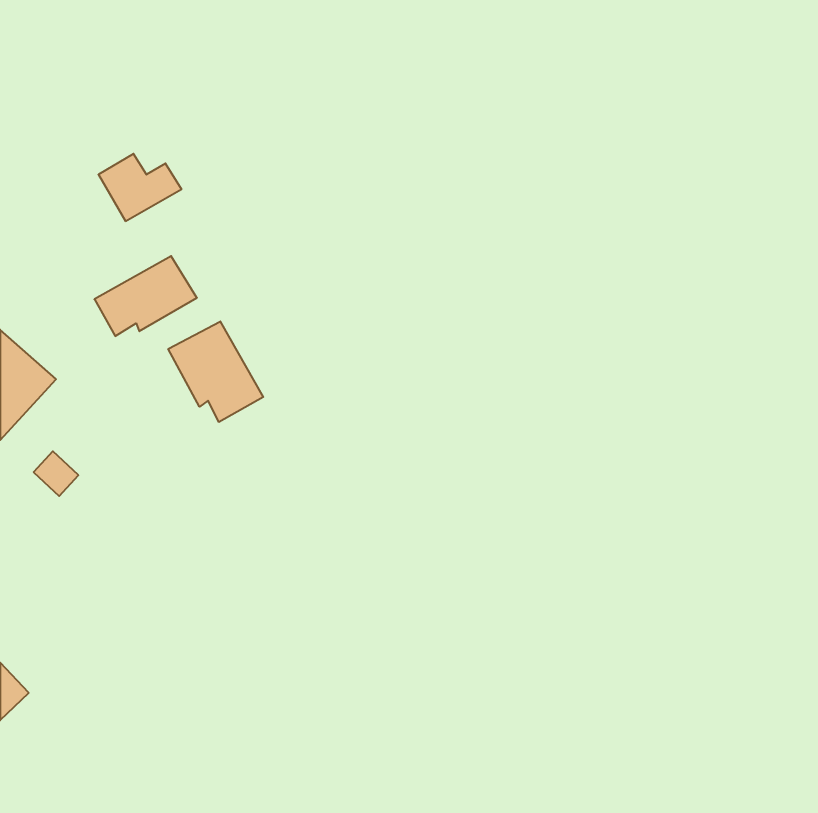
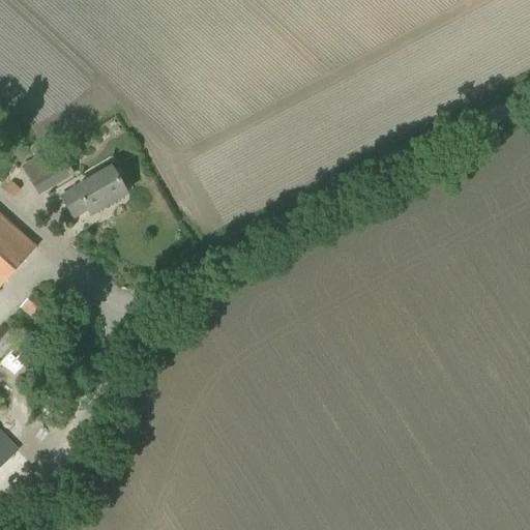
building: [98,154,182,221] -> [21,150,75,194]
building: [168,321,263,422] -> none

